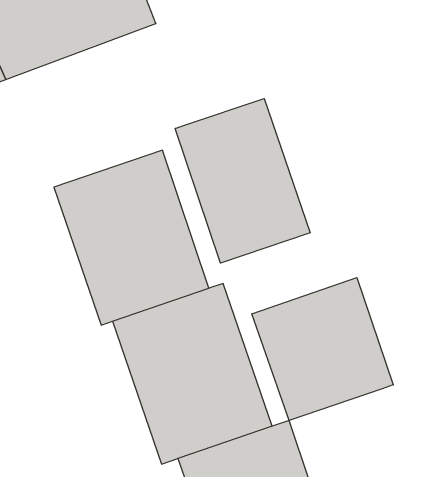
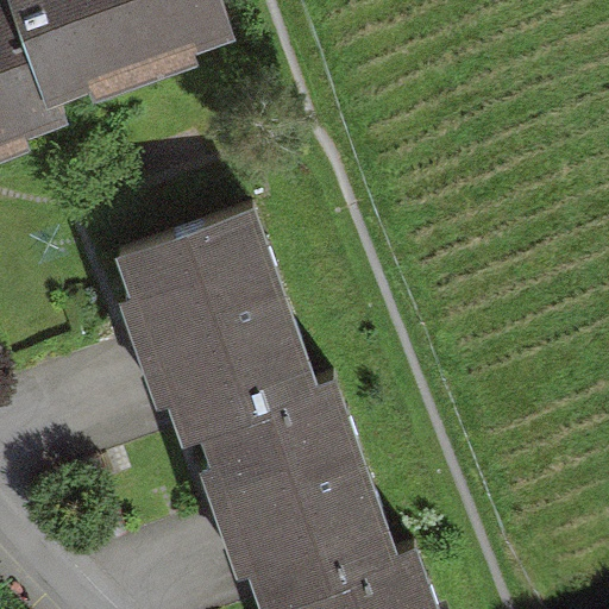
building: [175,99,310,263] -> none
building: [252,278,393,421] -> none

